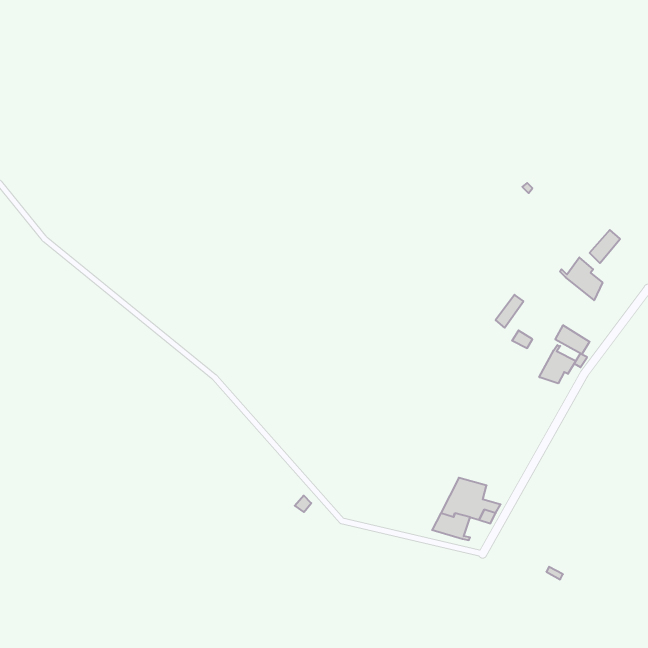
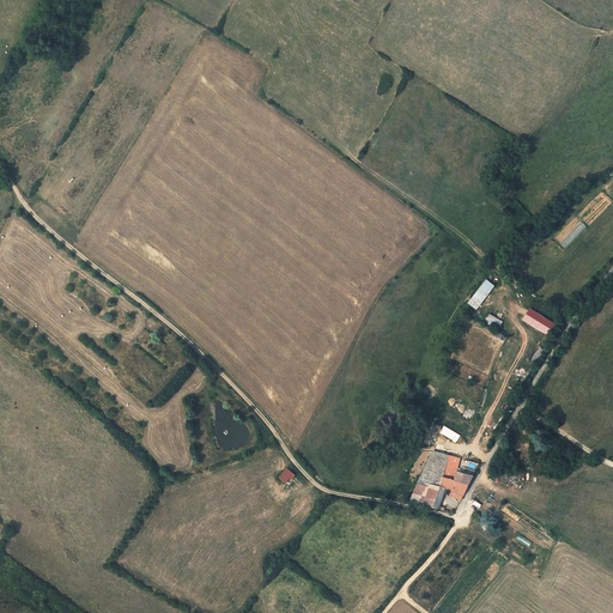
building: [560,257,602,300] -> none
building: [539,345,576,383] -> none

